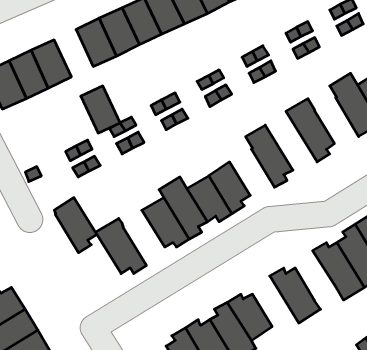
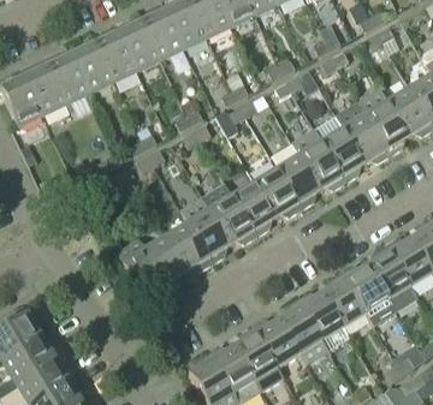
building: [81,86,120,133] -> [71,43,112,93]
building: none -> [336,102,388,162]
building: none -> [291,129,345,190]
building: none -> [254,168,301,216]
building: [54,198,97,253] -> [142,232,186,290]
building: none -> [322,274,366,327]
building: none -> [278,300,326,363]

